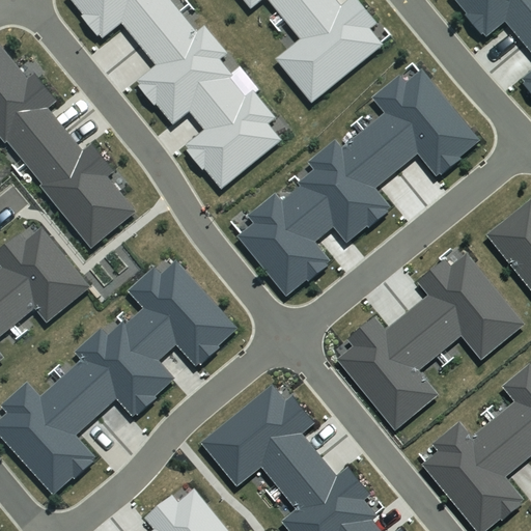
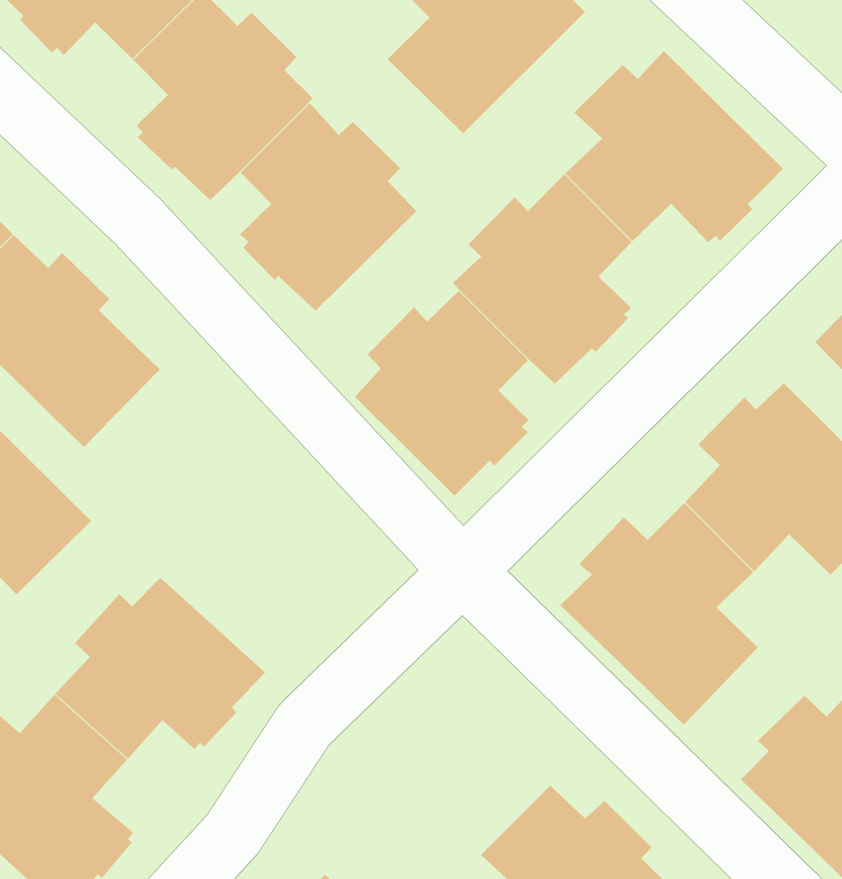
building: [125,260,237,366] -> none
building: [201,386,319,488] -> none

